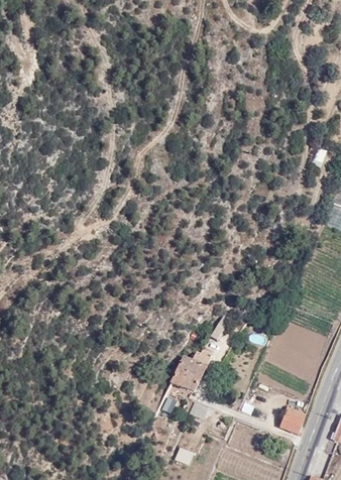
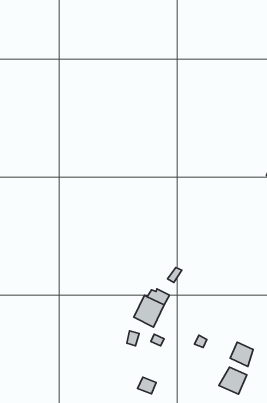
building: none -> [219,367,247,394]

